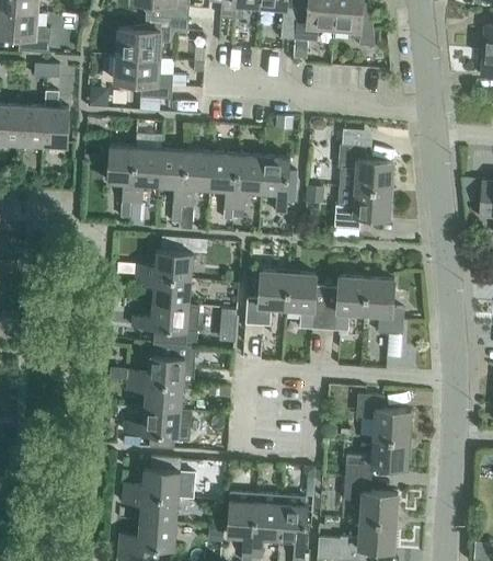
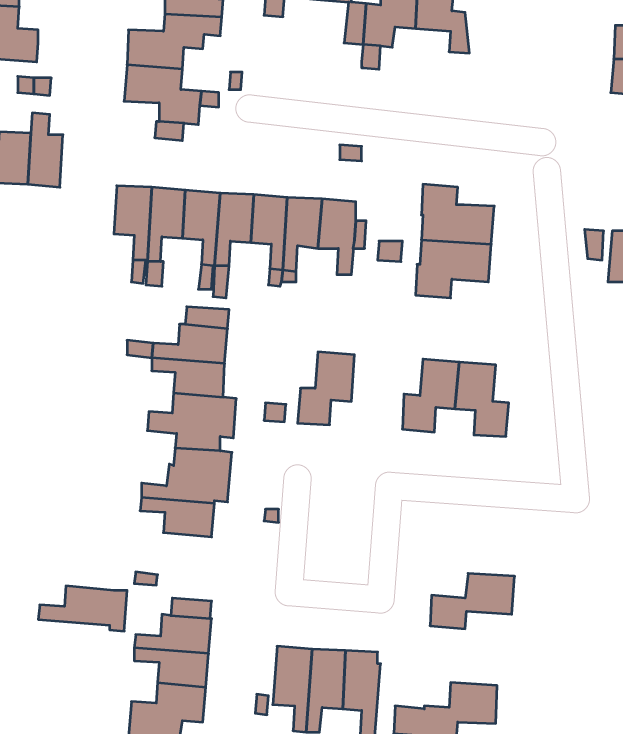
building: [286,274,325,330] -> none
building: [356,396,411,440] -> none
building: [124,408,191,442] -> [38,586,127,631]
building: [344,478,398,523] -> none

